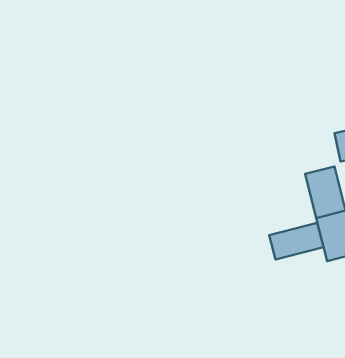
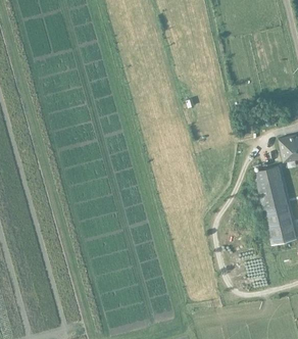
building: [269,223,324,259] -> none

